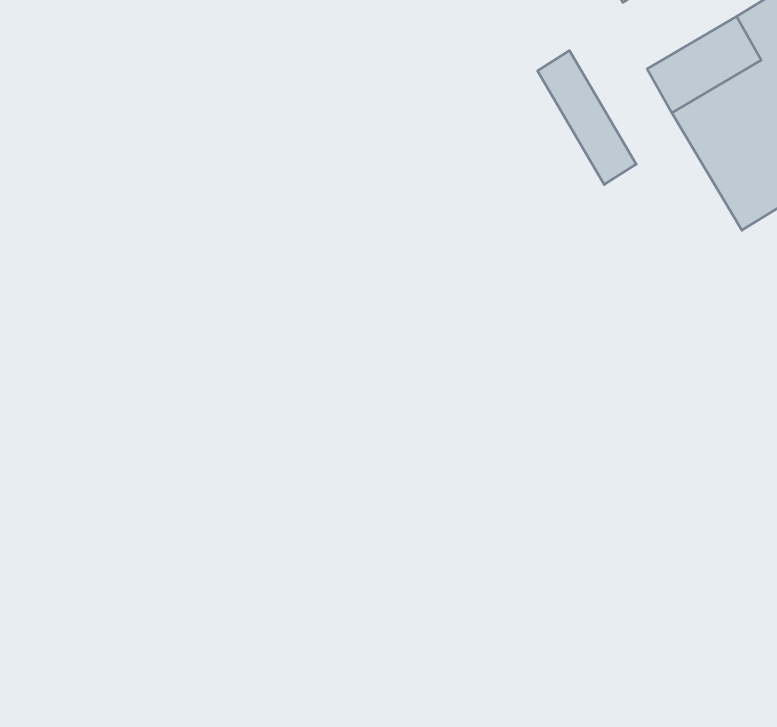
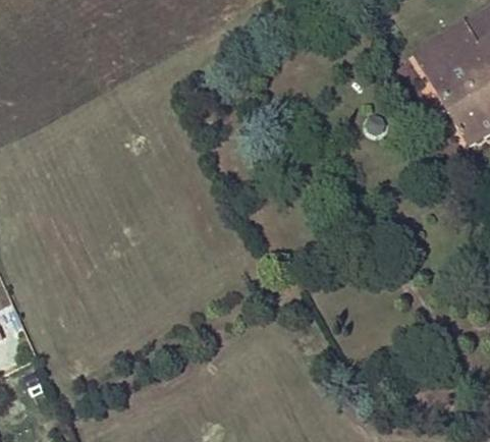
building: [538,51,636,185] -> none

